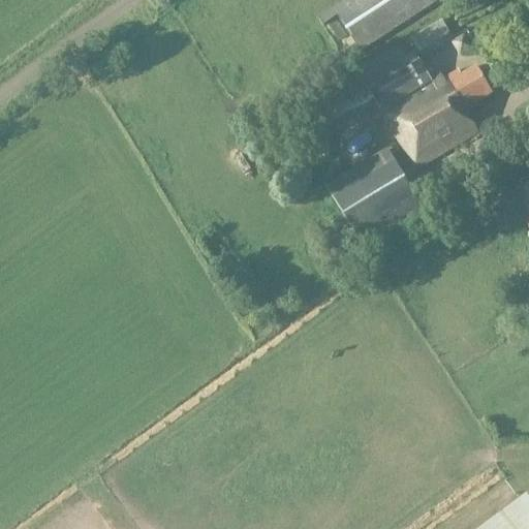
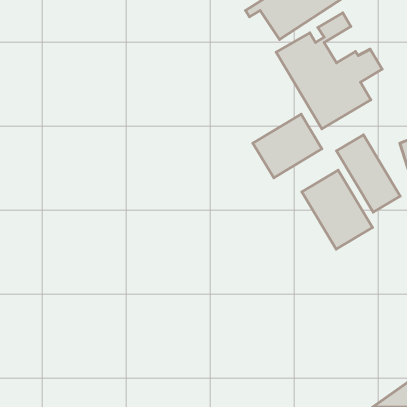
building: none -> [336,135,400,212]
building: none -> [302,170,373,249]

